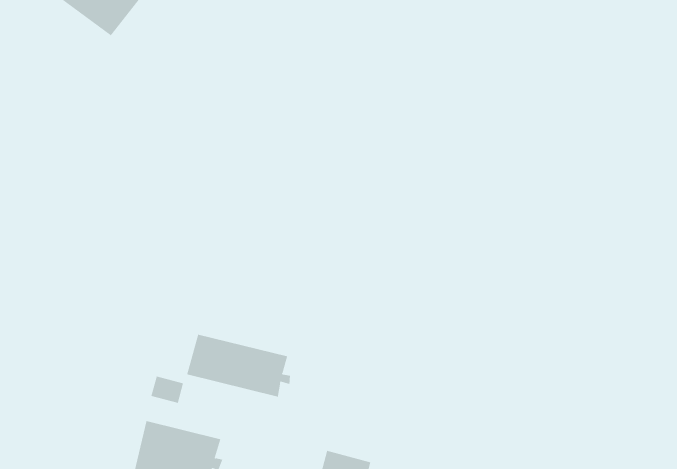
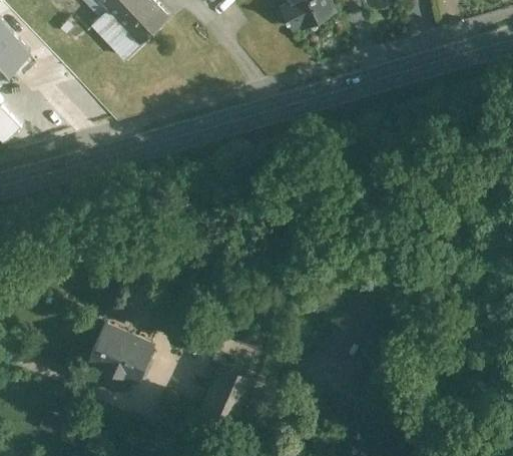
building: [187,334,291,398] -> none

